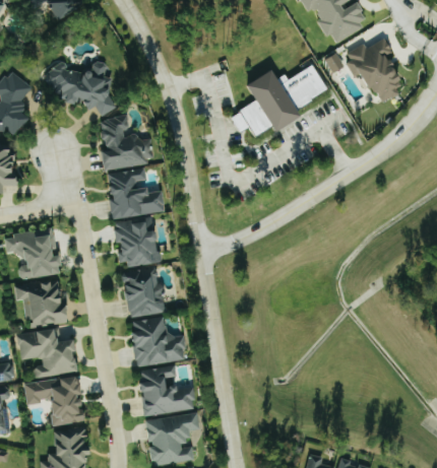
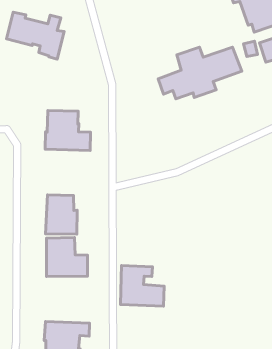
building: [100,116,152,171] -> none
building: [114,218,159,266] -> none
building: [137,366,194,416] -> [120,265,164,306]

